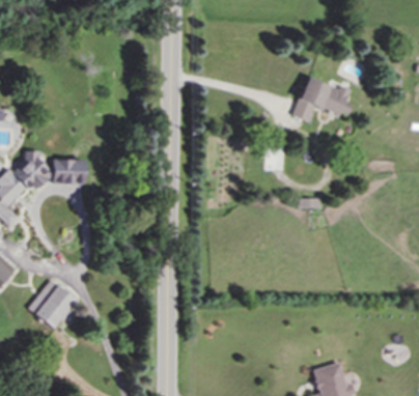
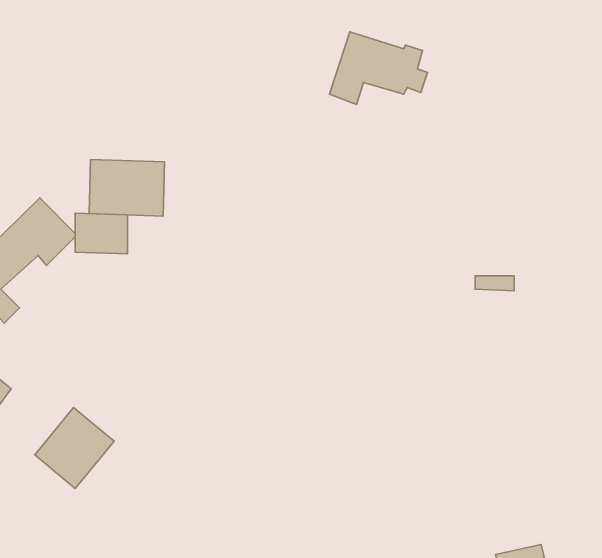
building: [294,77,354,121] -> [330,32,428,104]
building: none -> [89,159,165,216]

